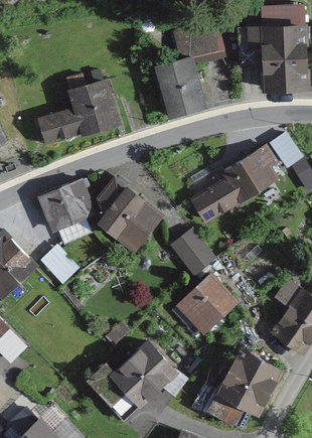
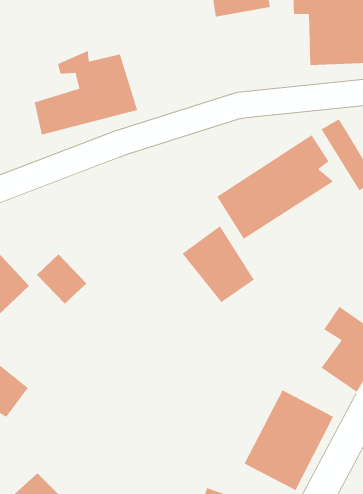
building: [149,57,203,120] -> none
building: [38,170,160,244] -> none
building: [175,274,240,337] -> none
building: [81,342,173,425] -> none

